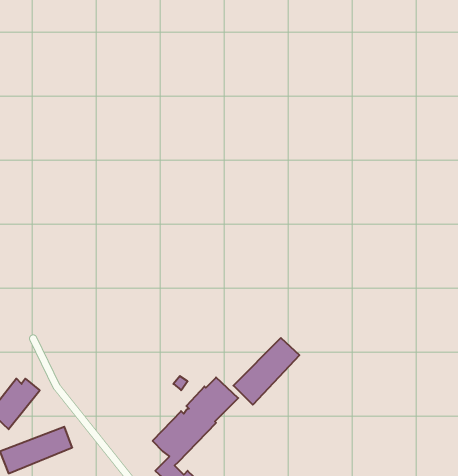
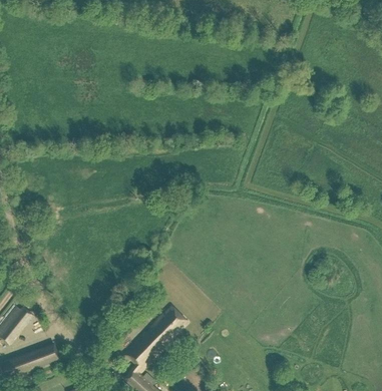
building: [233,338,299,405] -> none

